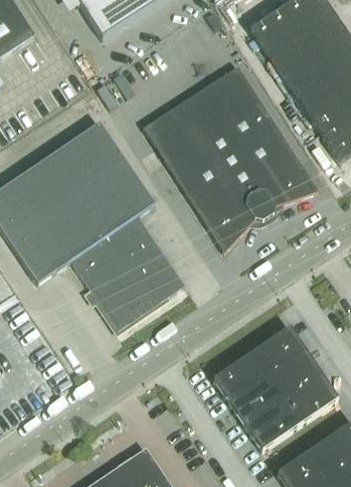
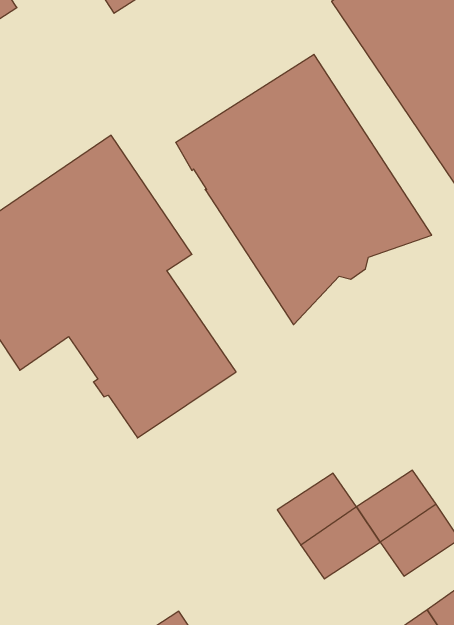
building: [251,327,306,376] -> none
building: [245,400,300,450] -> none

